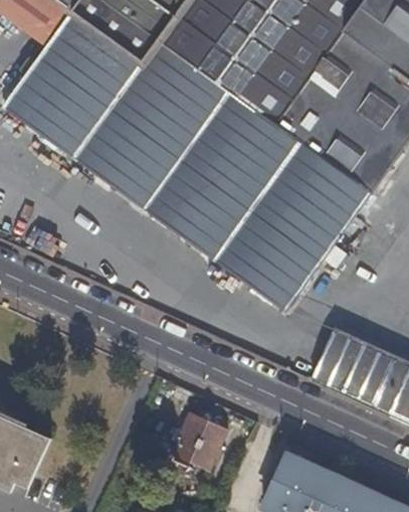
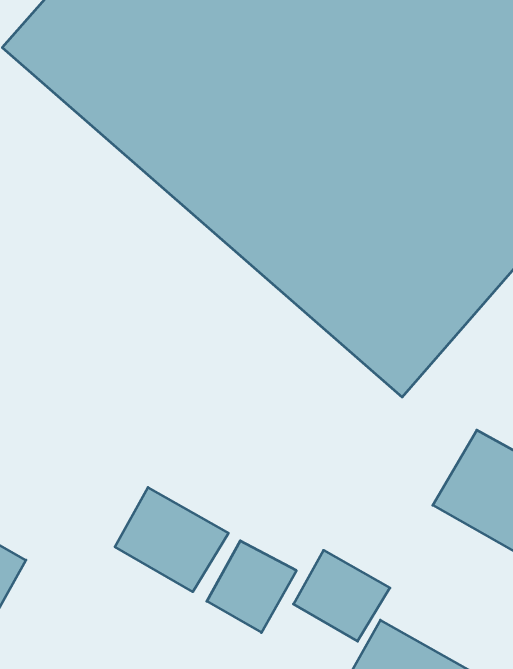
building: none -> [115,487,228,592]
building: none -> [293,550,390,641]

